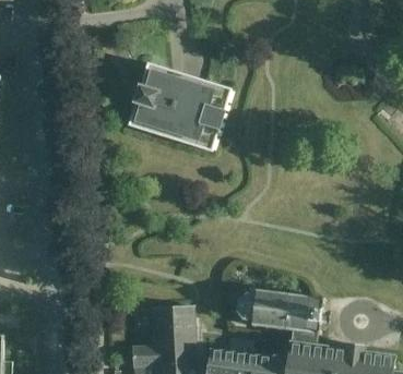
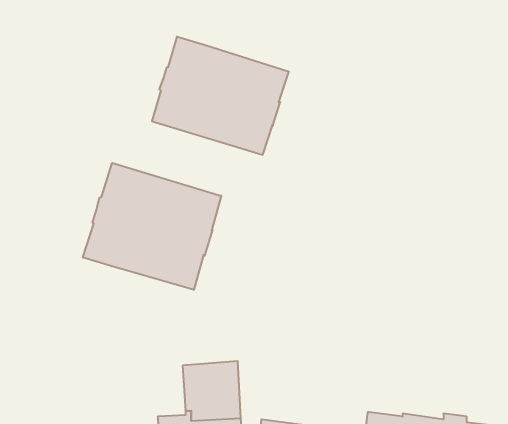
building: none -> [83,163,221,290]
building: [235,289,330,347] -> none

